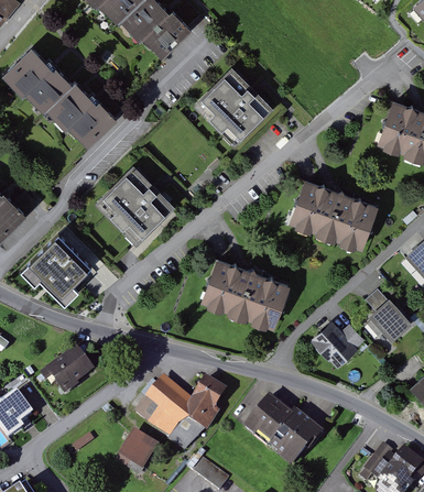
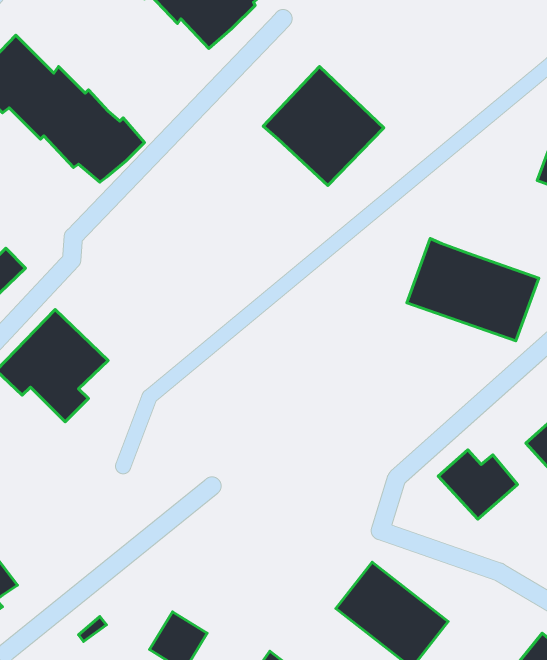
building: [93,164,171,241] -> none
building: [199,261,287,329] -> none
building: [45,347,94,393] -> none
building: [133,376,221,447] -> none

